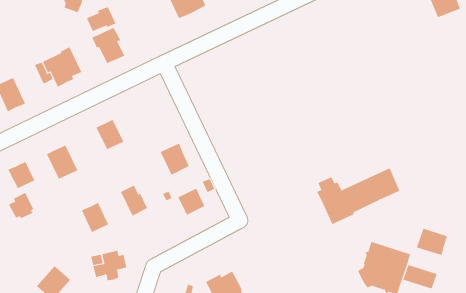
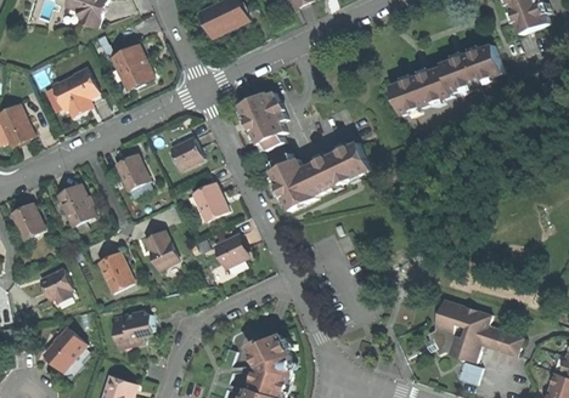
building: [86,6,116,32] -> none
building: none -> [390,45,503,114]
building: none -> [238,91,286,149]
building: none -> [169,137,202,170]
building: [316,167,400,225] -> [270,142,370,210]
building: [8,192,34,219] -> [41,268,72,300]
building: [416,228,447,256] -> none

